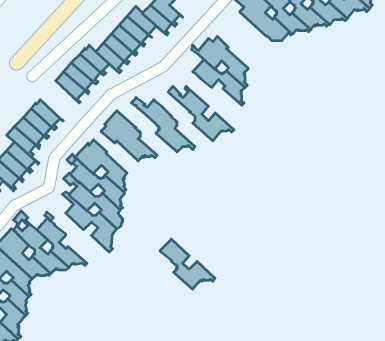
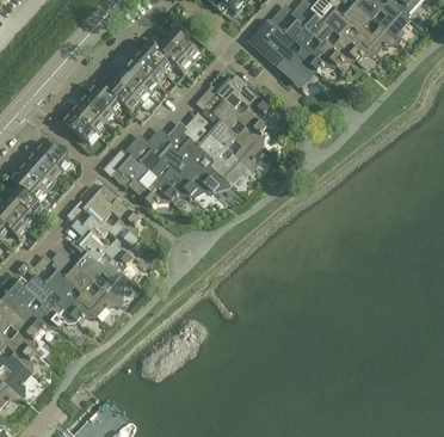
building: none -> [201,106,261,172]
building: none -> [164,130,230,190]
building: none -> [124,144,191,202]
building: [160,239,215,289] -> [61,261,119,315]

